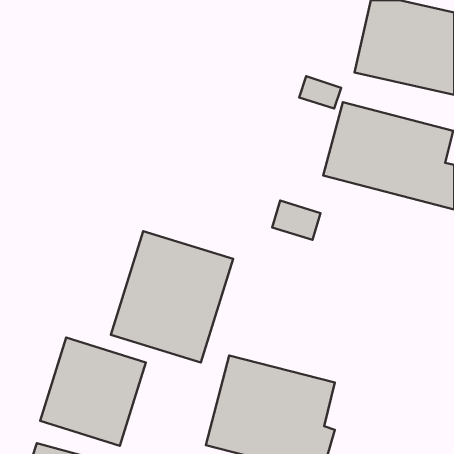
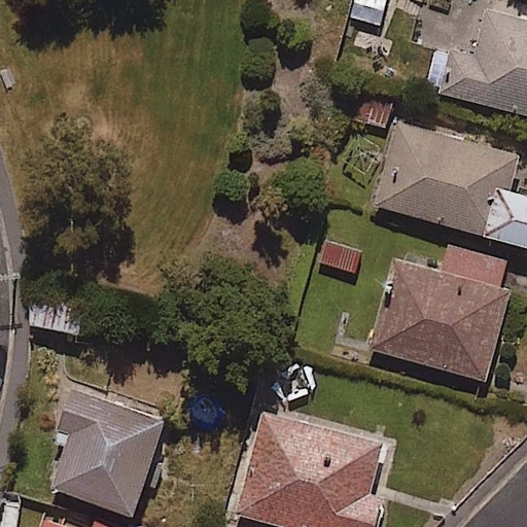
building: none -> [372,248,513,382]
building: [111,231,233,363] -> none

